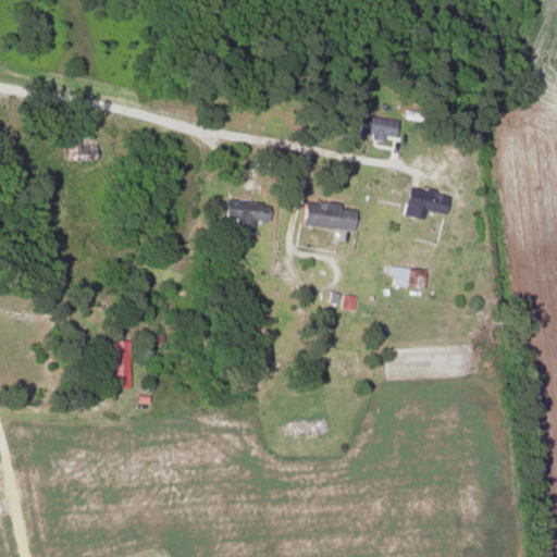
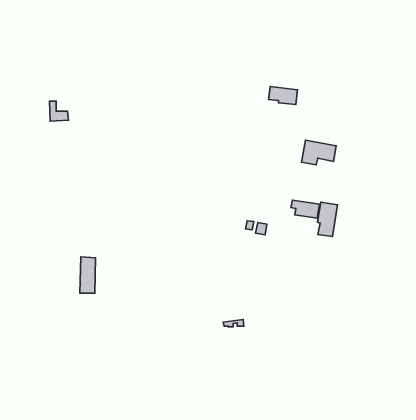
building: [227,199,272,227] -> none
building: [304,200,358,232] -> none
building: none -> [317,202,337,237]

